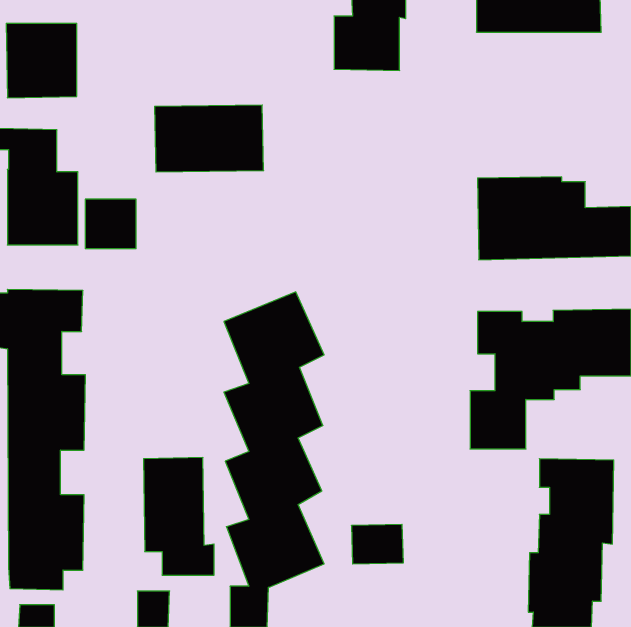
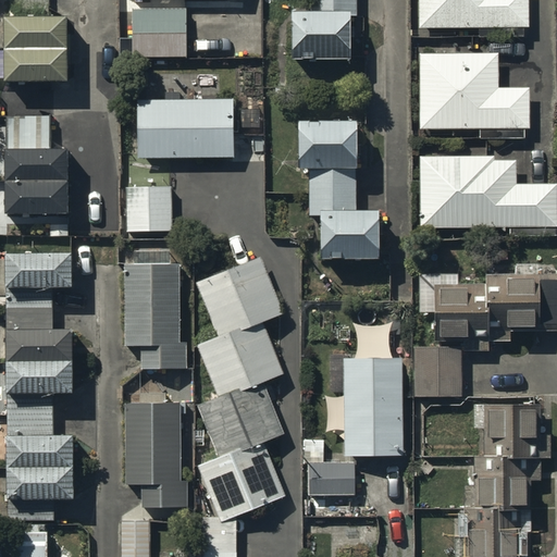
building: none -> [132,7,186,57]
building: none -> [419,52,529,127]
building: none -> [299,124,380,262]
building: [85,199,136,249] -> [126,187,171,231]
building: none -> [125,264,186,369]
building: none -> [329,351,404,455]

